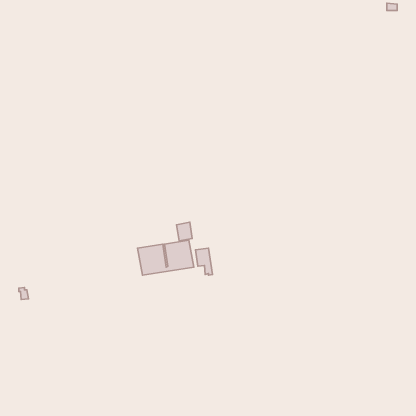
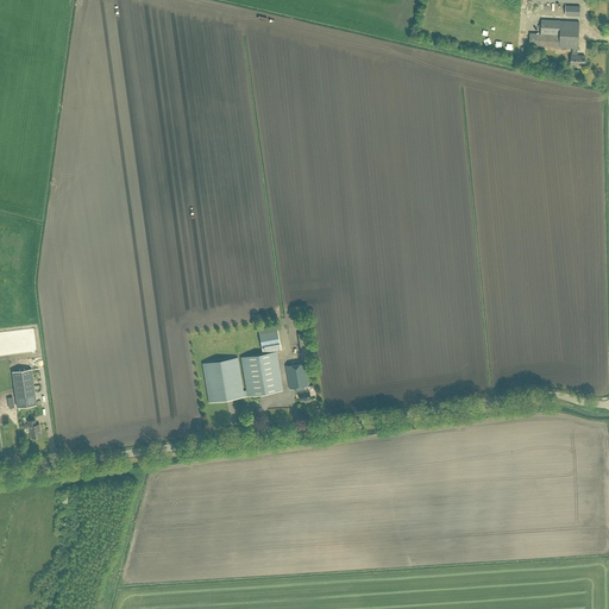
building: none -> [532,20,586,64]
building: none -> [12,369,36,407]

